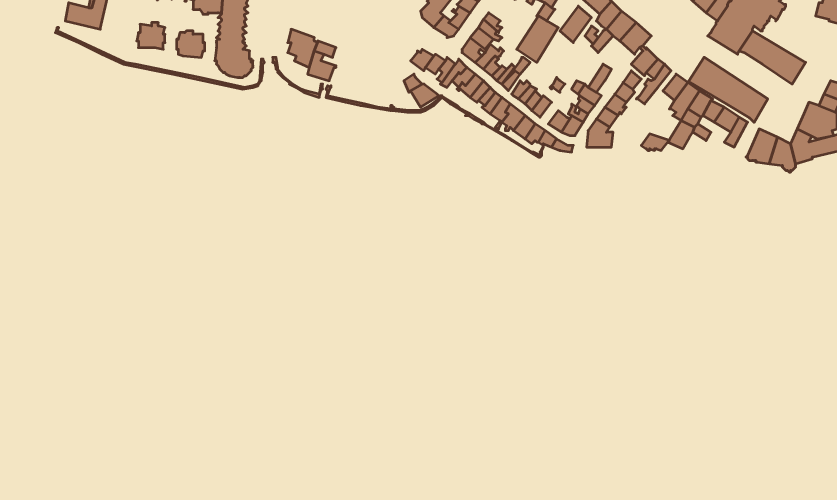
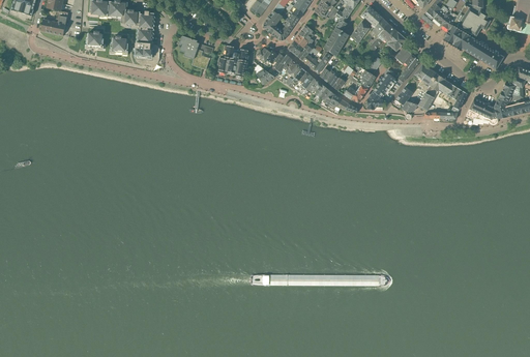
building: none -> [218,46,248,77]
building: [689,57,768,122] -> none

